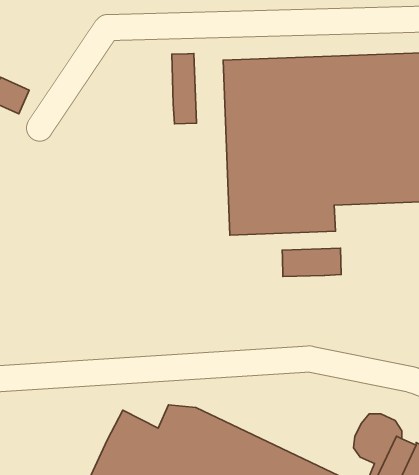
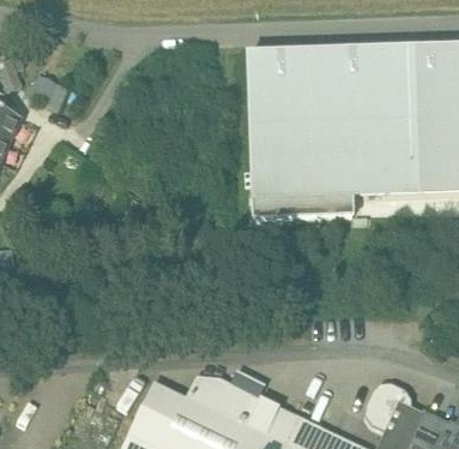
building: [172,54,196,124] -> none
building: [282,248,341,277] -> none

